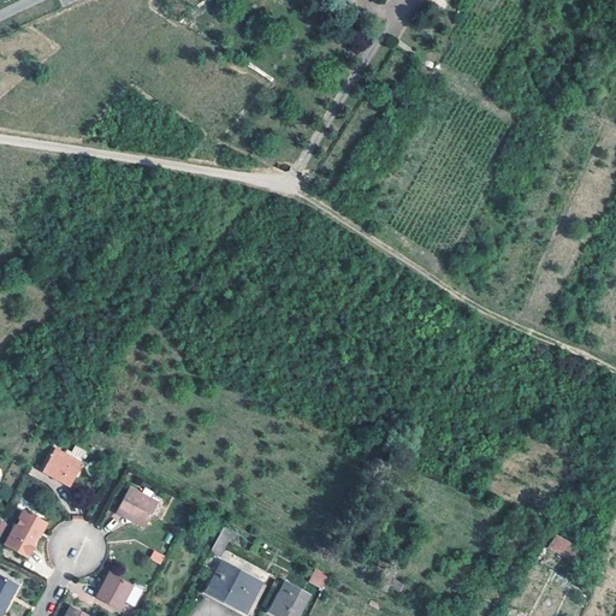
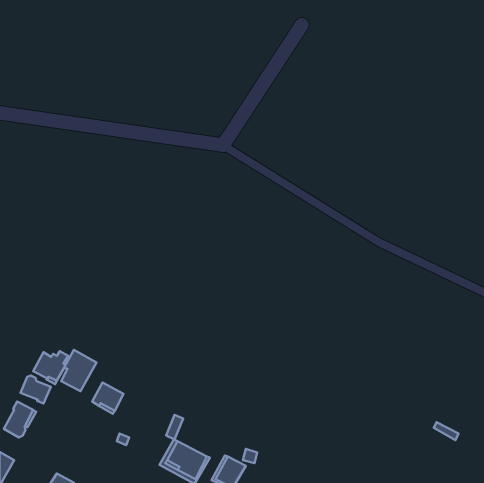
building: none -> [61,350,96,391]
building: none -> [21,376,51,404]
building: [96,570,134,608] -> none

